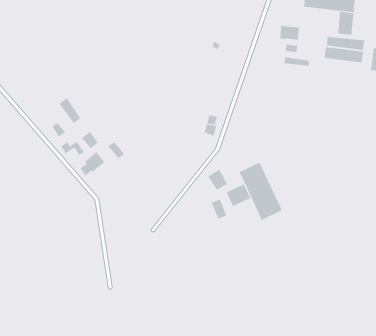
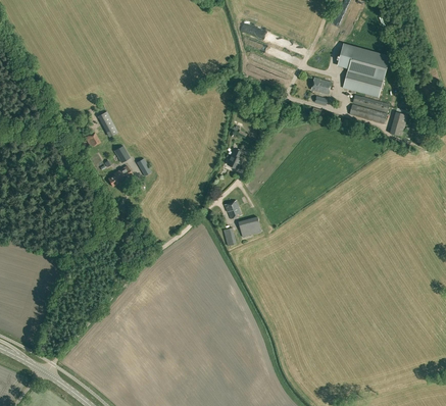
building: none -> [342,67,369,94]
building: [239,162,283,221] -> none

